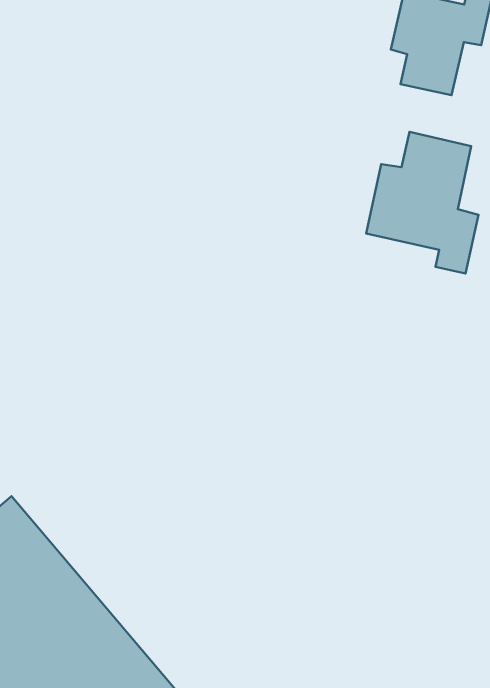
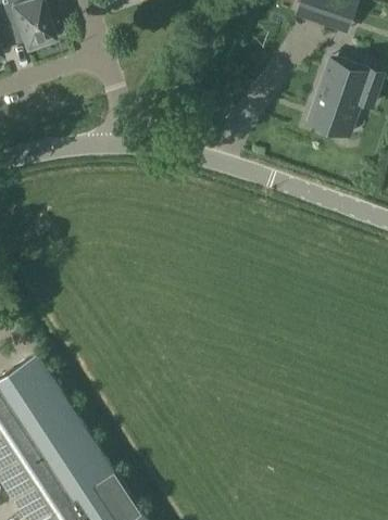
building: [366,132,479,274] -> none

